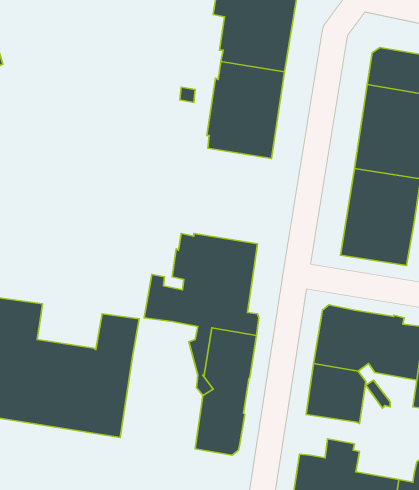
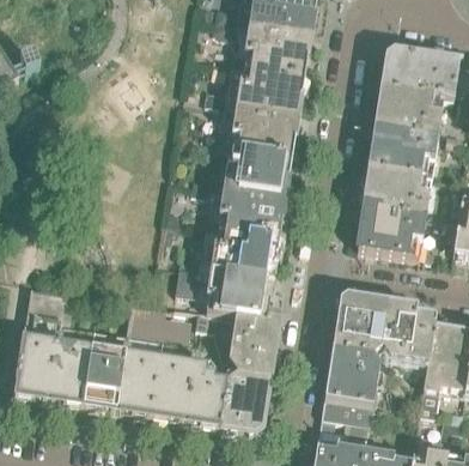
building: none -> [218,144,292,234]
building: none -> [150,307,227,426]
building: none -> [319,394,372,423]

